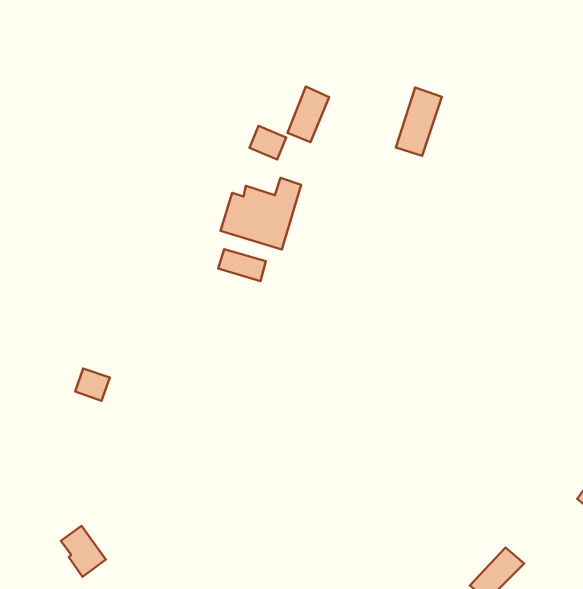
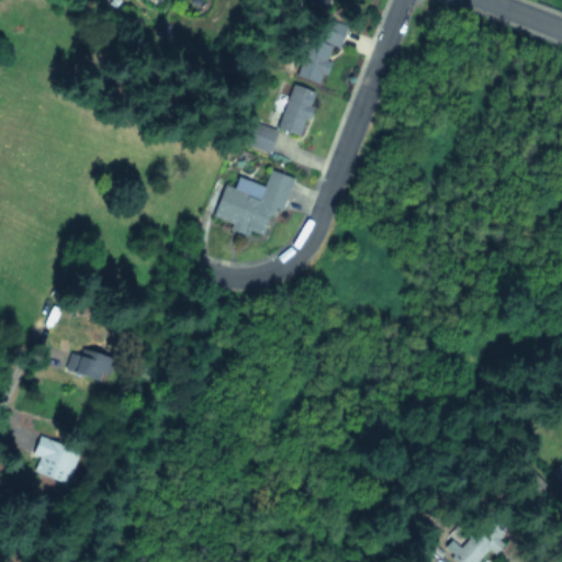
building: [396,88,442,156] -> [301,20,345,85]
building: [218,249,266,281] -> none
building: [61,526,106,577] -> [33,436,76,484]

